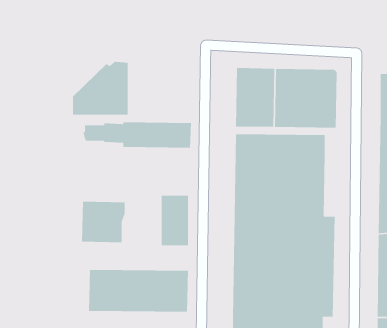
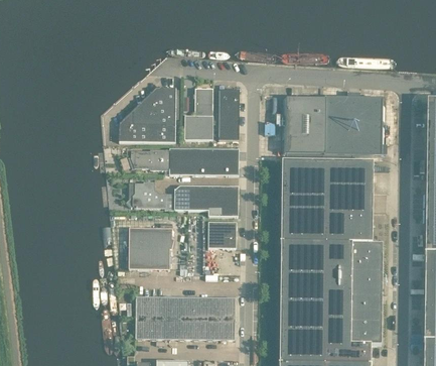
building: none -> [184,89,212,140]
building: none -> [219,90,239,140]
building: none -> [126,181,238,216]

